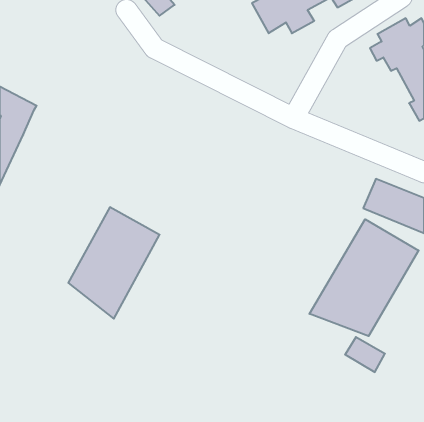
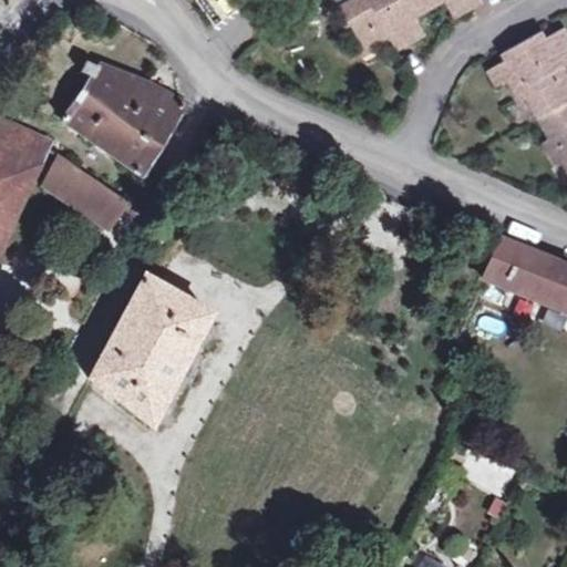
building: none -> [65,64,182,174]
building: none -> [31,146,127,231]
building: [309,219,419,336] -> none

